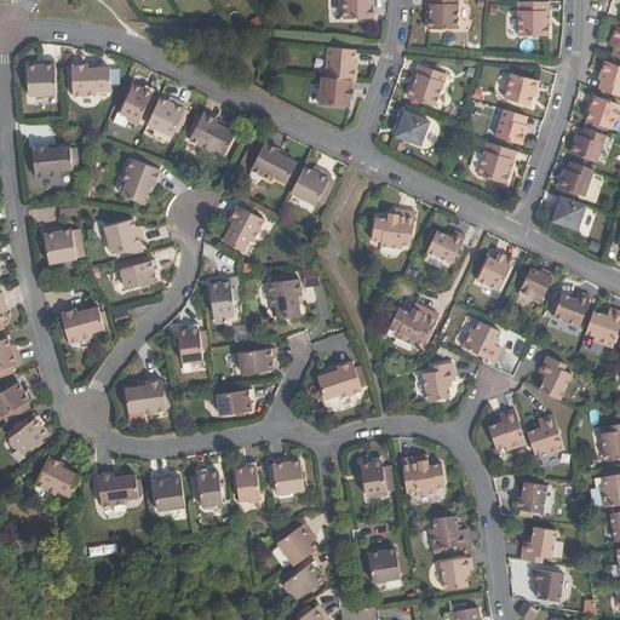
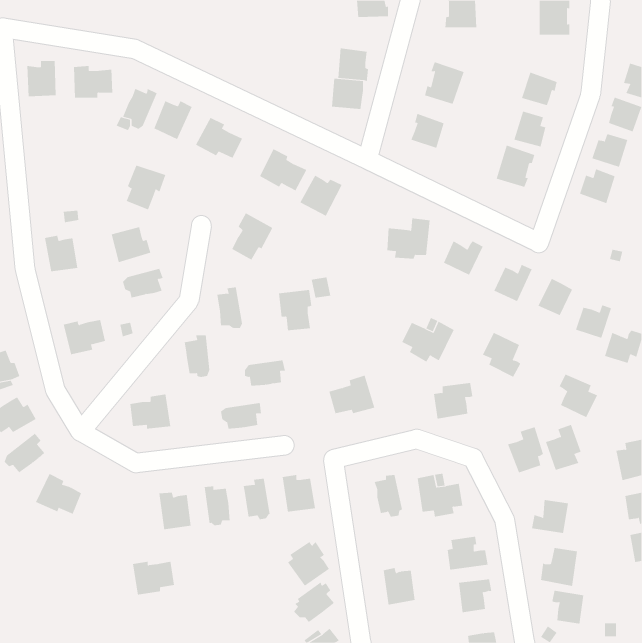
building: [31,143,71,176] -> none
building: [551,195,584,229] -> none
building: [97,472,138,505] -> [132,561,175,595]

